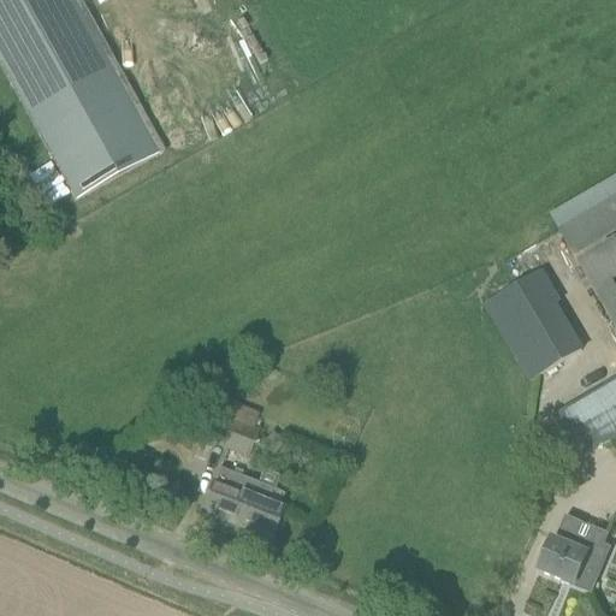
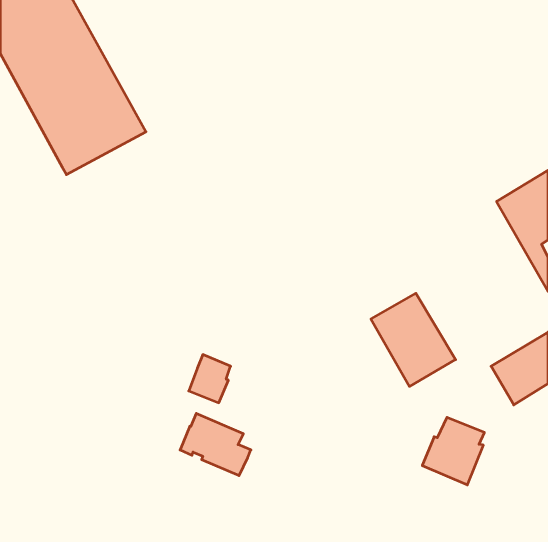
building: [486,271,581,375] -> [371,293,456,386]
building: [539,513,609,588] -> [422,417,484,485]

